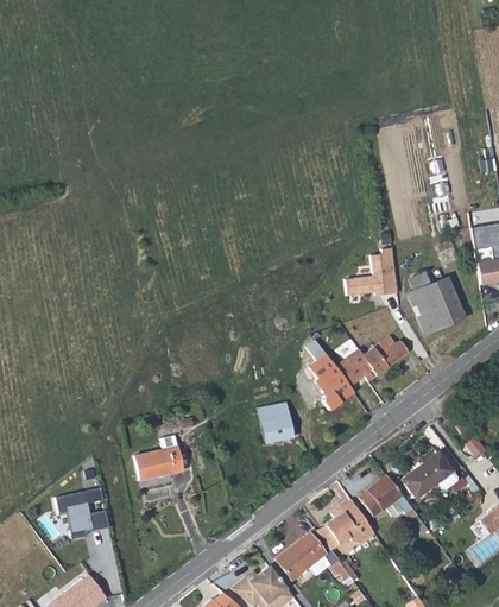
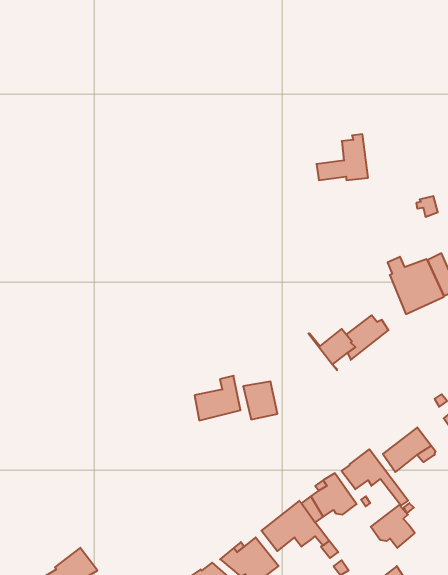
building: [345,246,398,293] -> [316,134,368,180]
building: [301,354,354,411] -> none
building: [134,435,182,481] -> [195,376,241,420]
building: [55,488,108,538] -> none
building: none -> [371,505,415,548]

